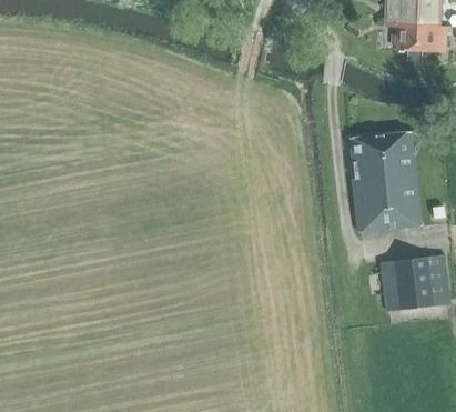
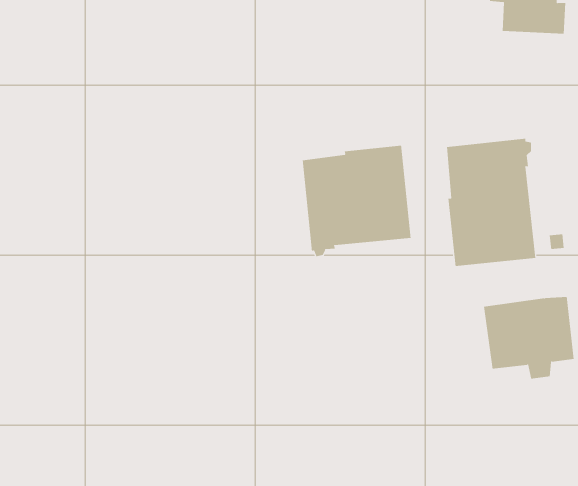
building: none -> [302,145,411,257]

